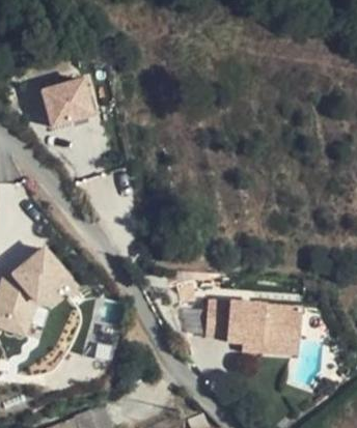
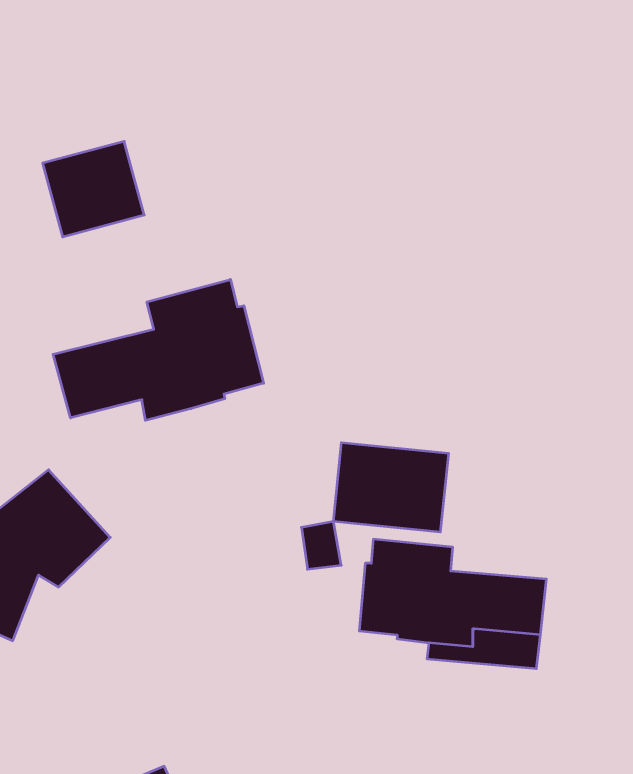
building: none -> [53,279,264,420]
building: none -> [333,443,448,532]

